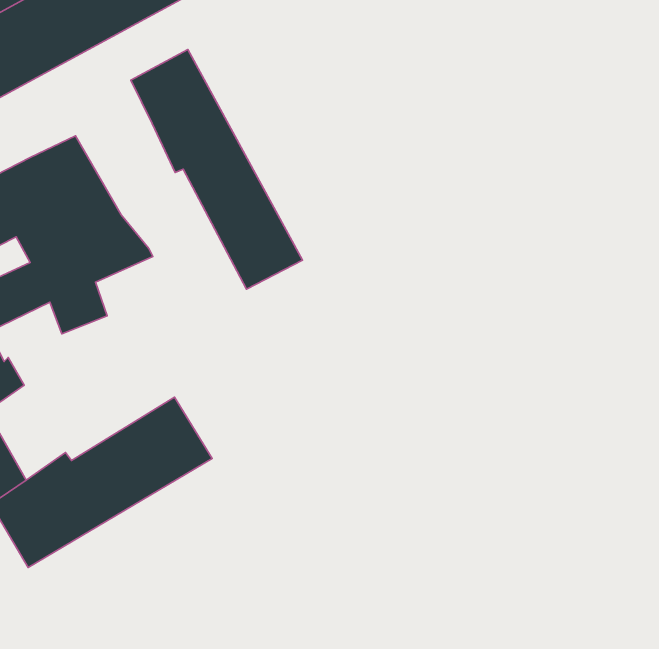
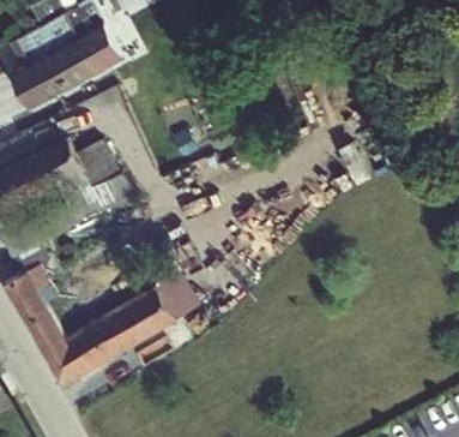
building: [131,49,303,289] -> none
building: none -> [153,270,203,318]

